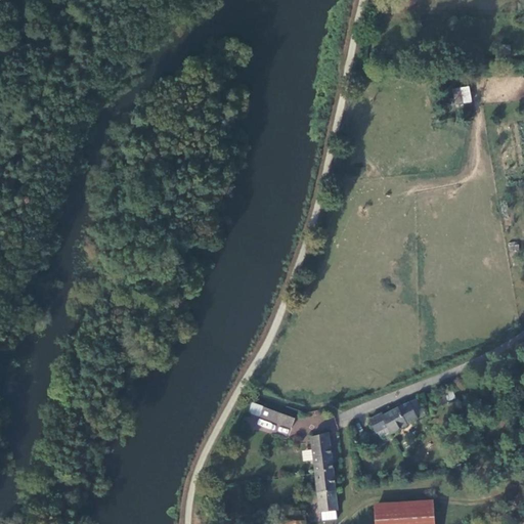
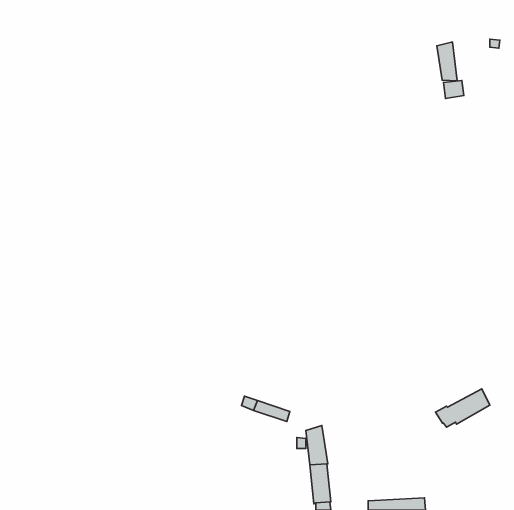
building: none -> [437,42,457,81]
building: [369,398,425,437] -> [436,389,490,427]

